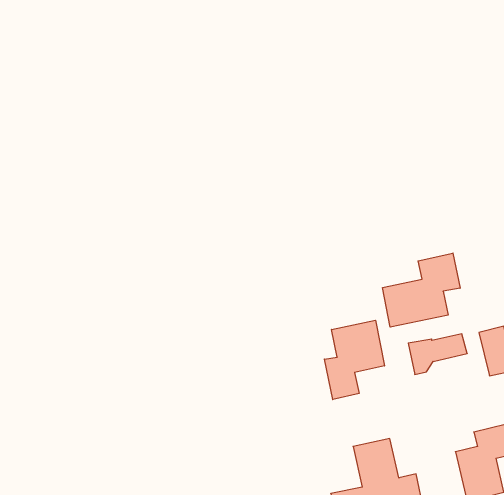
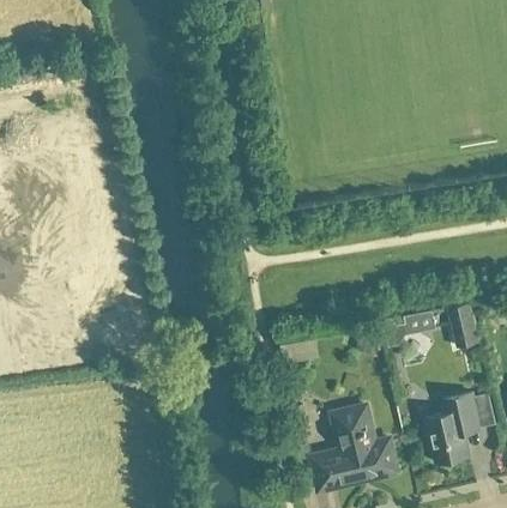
building: [383,253,460,327] -> none
building: [324,320,384,400] -> none

